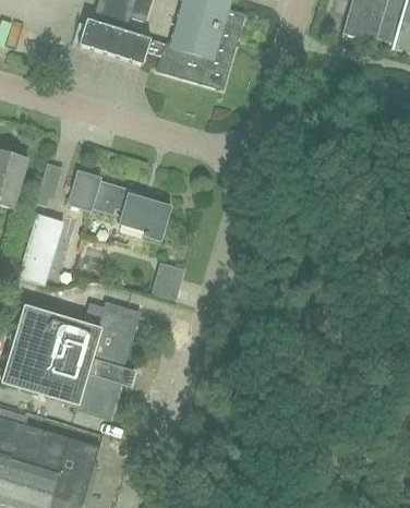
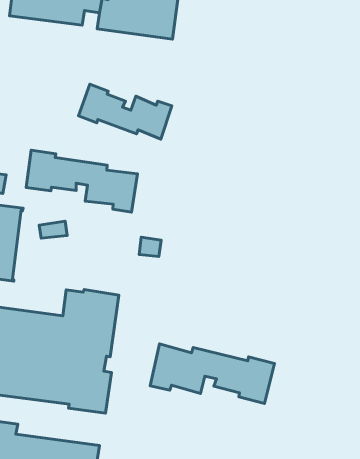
building: none -> [79,84,172,139]
building: none -> [150,344,275,403]

